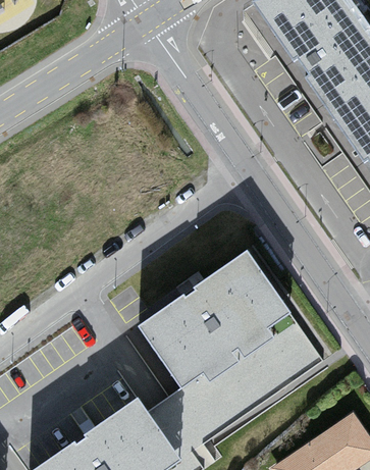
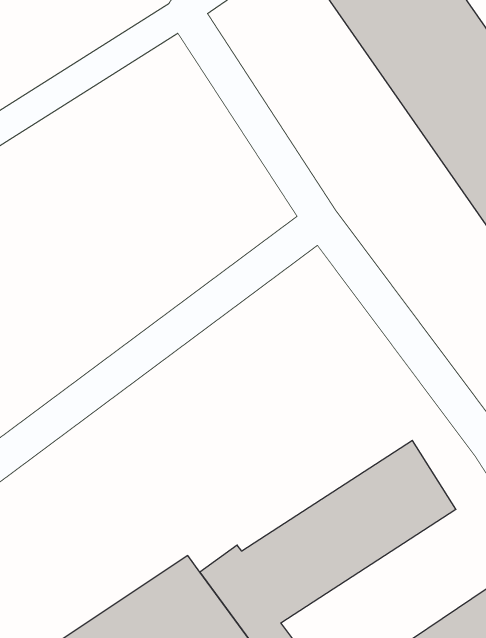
building: [141,247,303,387] -> none

